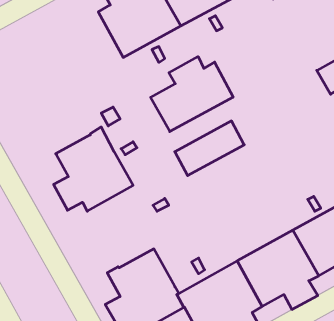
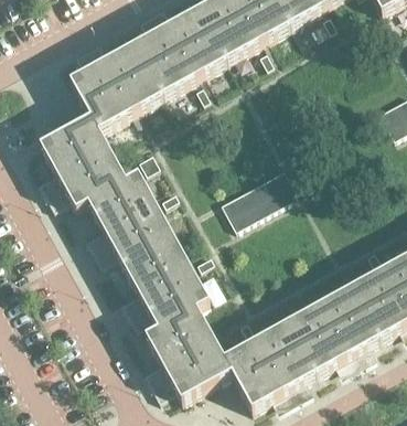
building: none -> [39,35,163,205]
building: [151,57,233,132] -> none
building: none -> [121,233,210,324]

